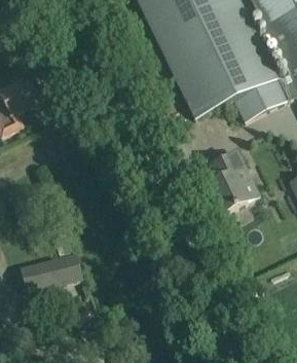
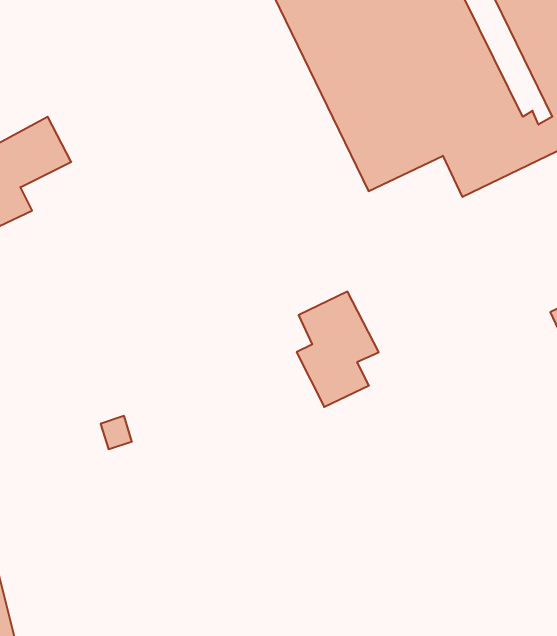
building: [209,152,252,213] -> [297,292,379,407]
building: [20,253,81,292] -> none

